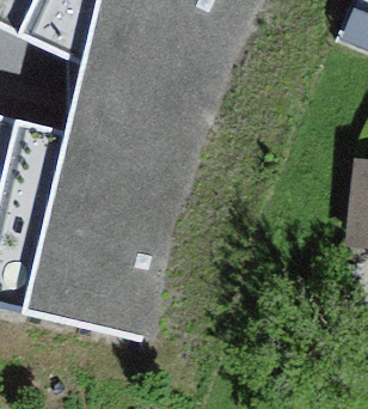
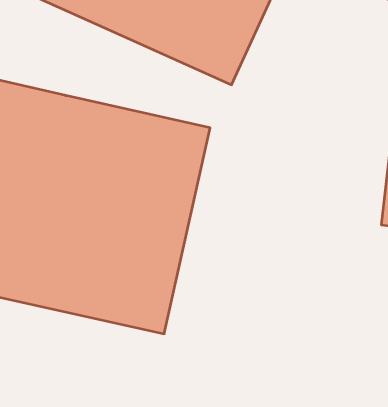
building: [66,60,213,157] -> none

